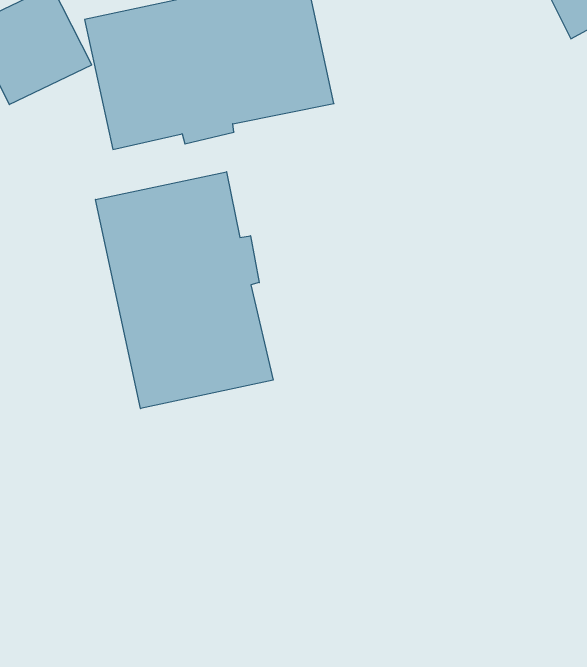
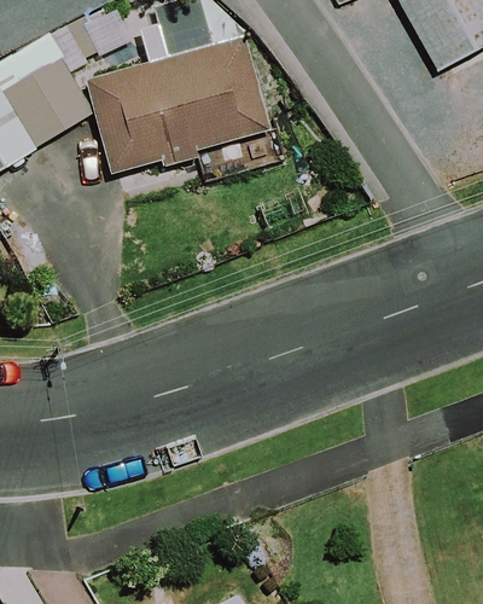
building: [96,172,273,409] -> none

